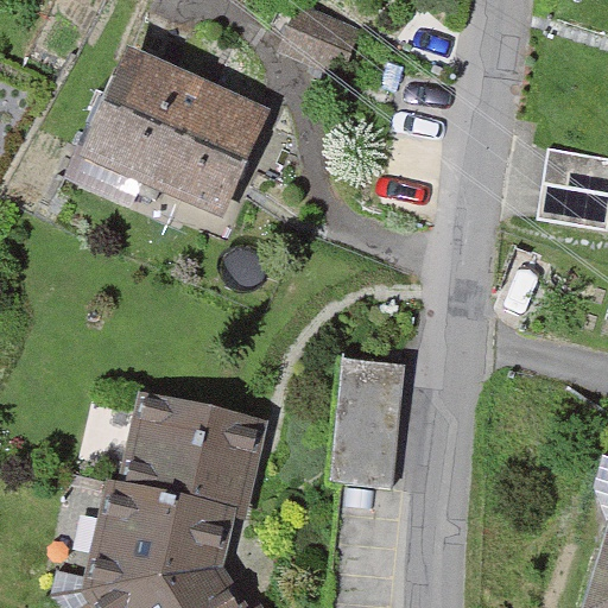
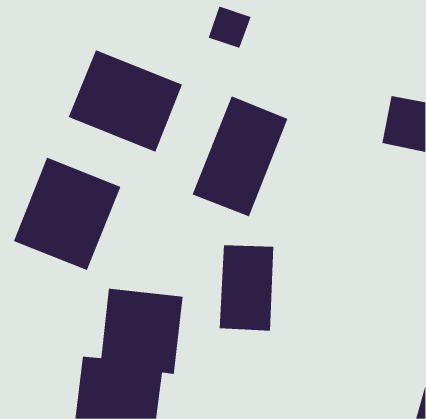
building: none -> [192,96,288,217]
building: none -> [13,157,121,271]

